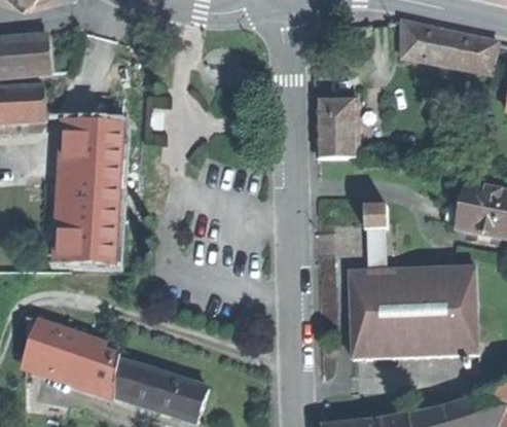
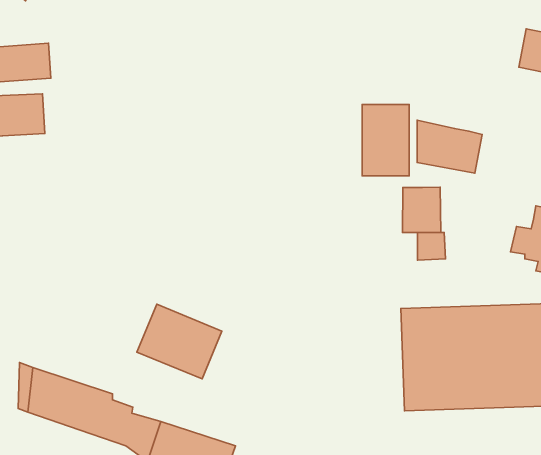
building: [401,19,457,64] -> [417,120,482,173]
building: [50,116,124,272] -> none
building: none -> [403,187,441,232]
building: none -> [137,304,222,379]

